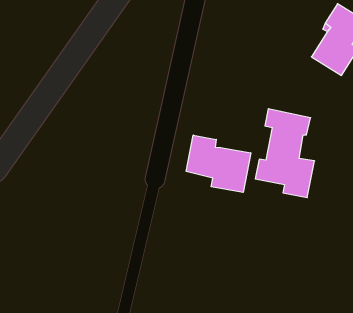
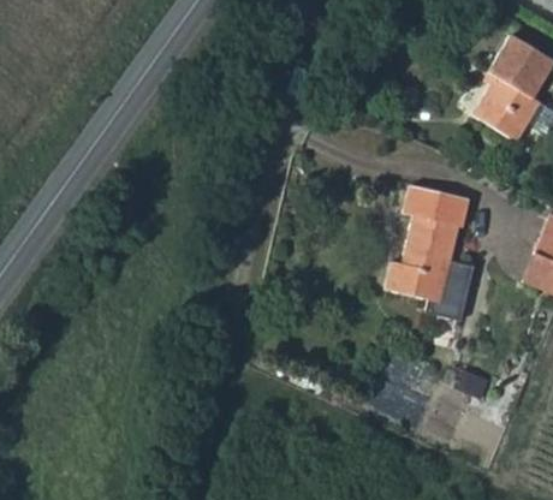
building: [186,135,251,192] -> none

